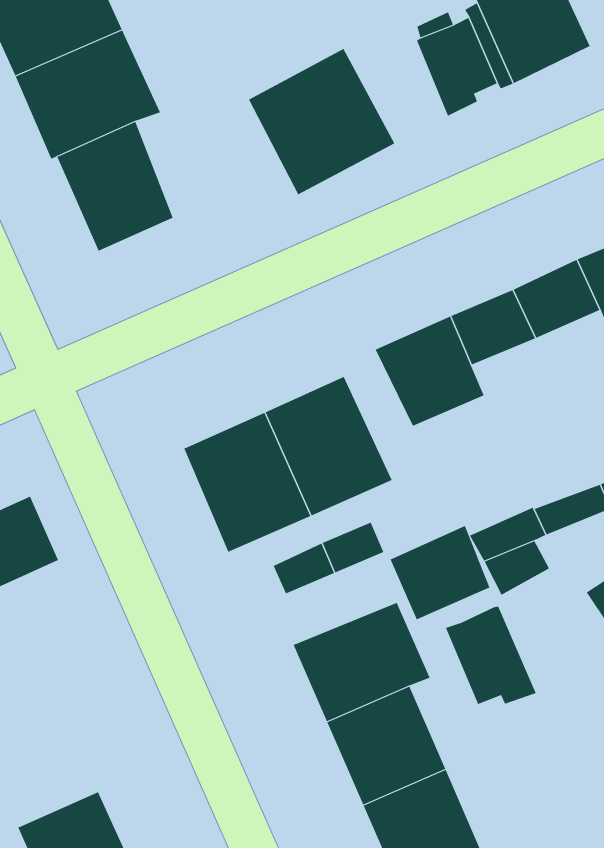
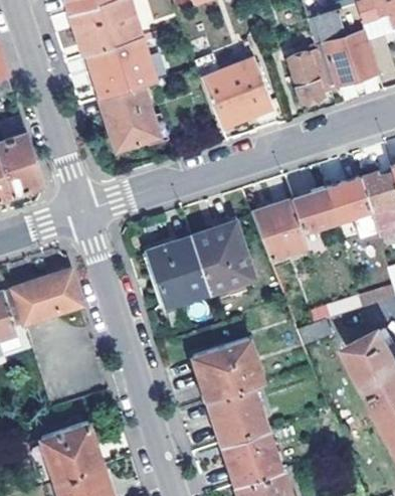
building: [390,525,490,620] -> none
building: [445,606,537,705] -> none

